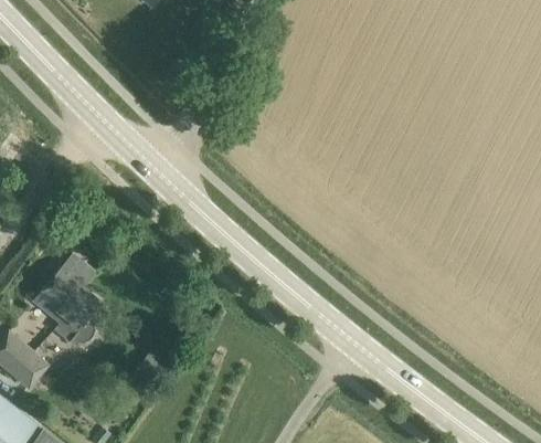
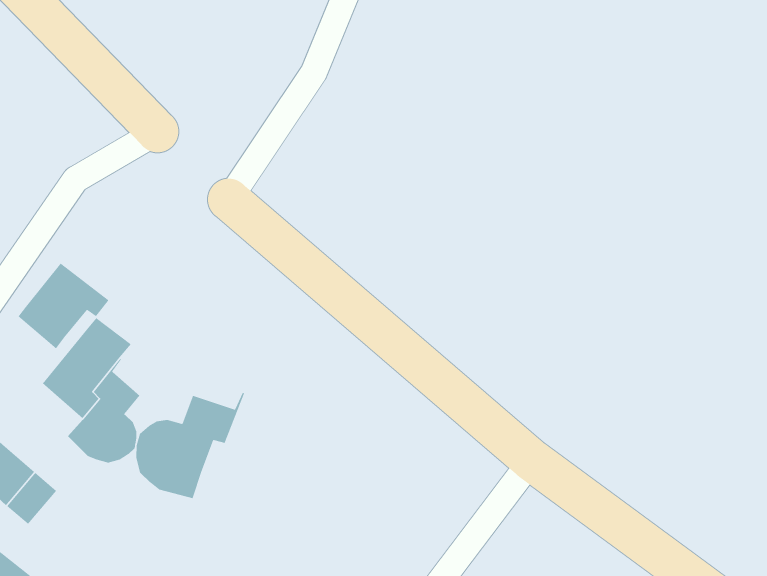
building: none -> [17,263,109,350]
building: none -> [136,392,245,499]

